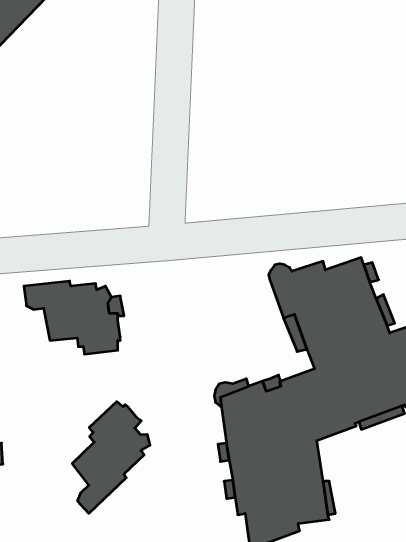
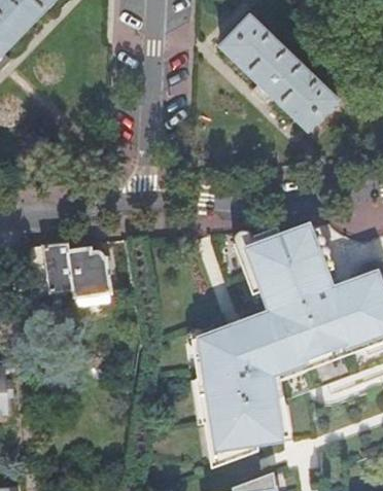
building: none -> [218,14,336,130]
building: [72,402,150,513] -> none

